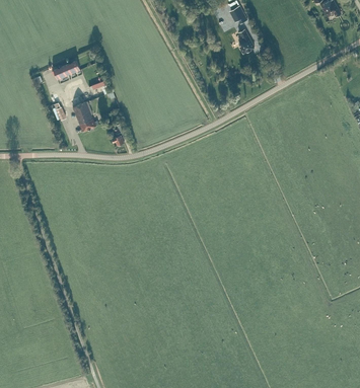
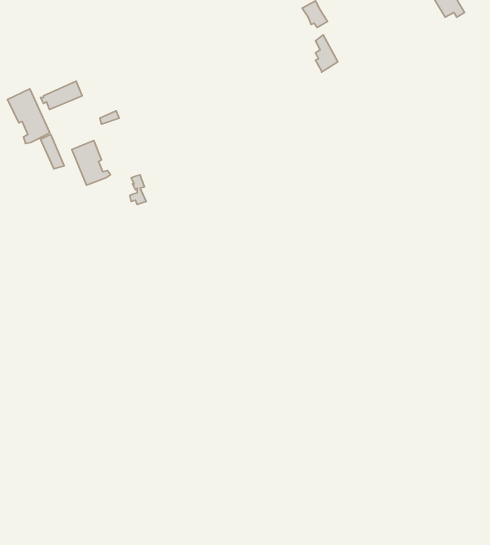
building: none -> [8,89,50,143]

